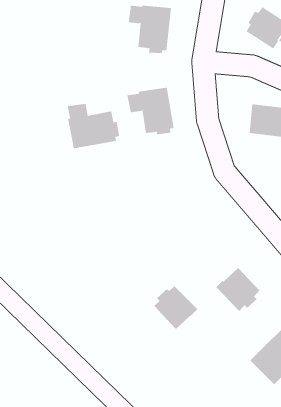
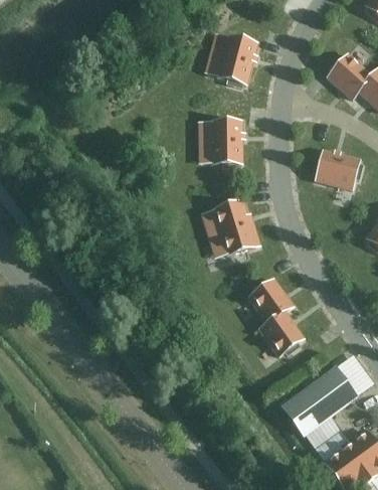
building: [67,103,120,149] -> none
building: none -> [202,199,258,254]
building: [153,285,198,330] -> [248,278,293,322]

